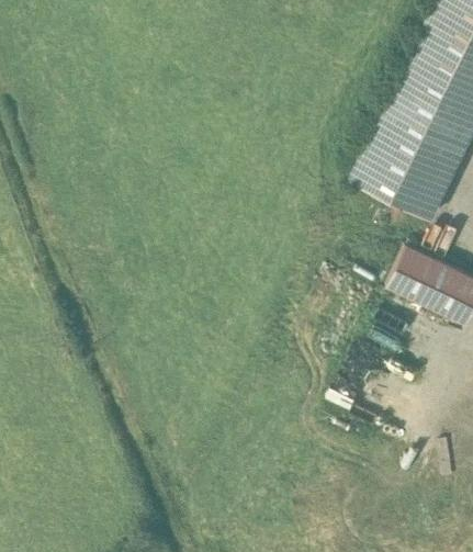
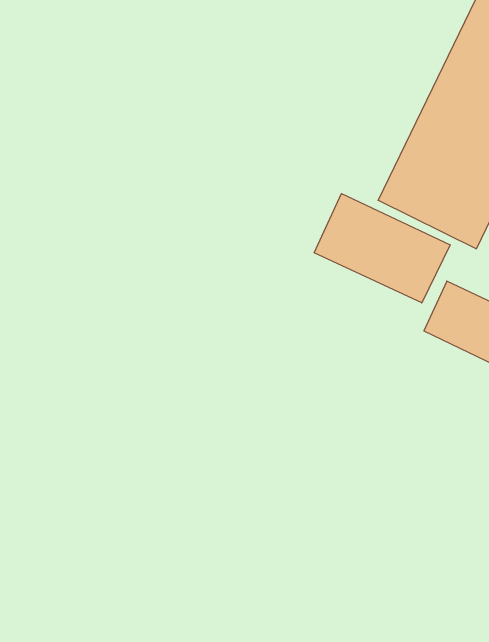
building: none -> [314,194,450,303]

